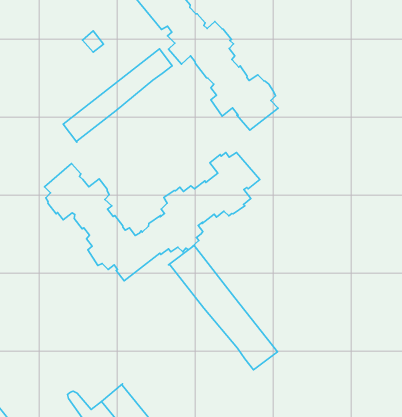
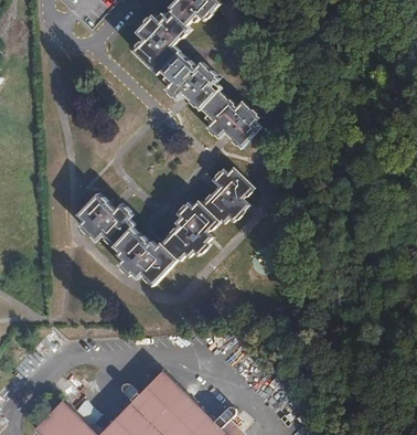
building: [63,49,172,142] -> none
building: [168,246,277,370] -> none

